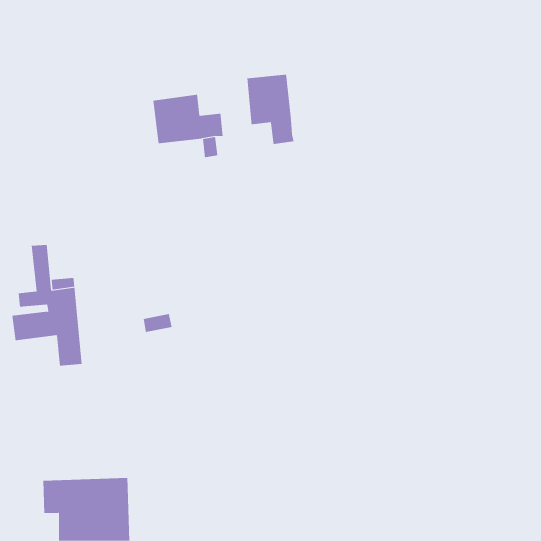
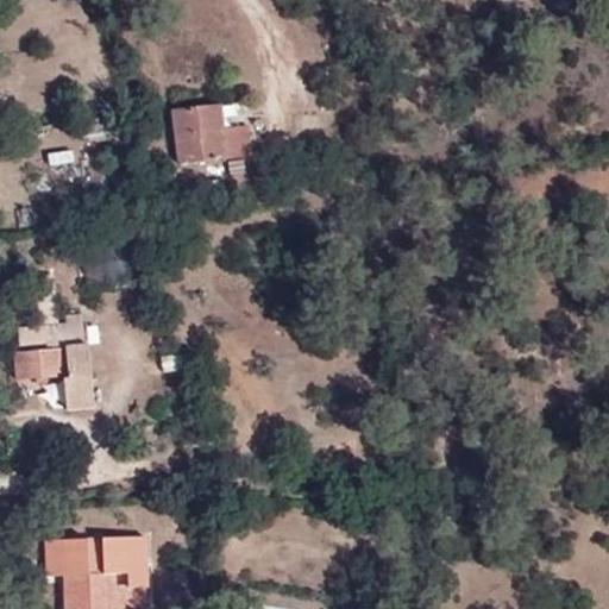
building: [247,74,294,145] -> none

